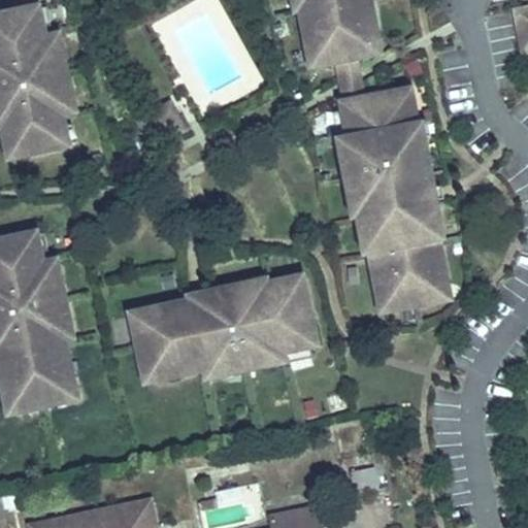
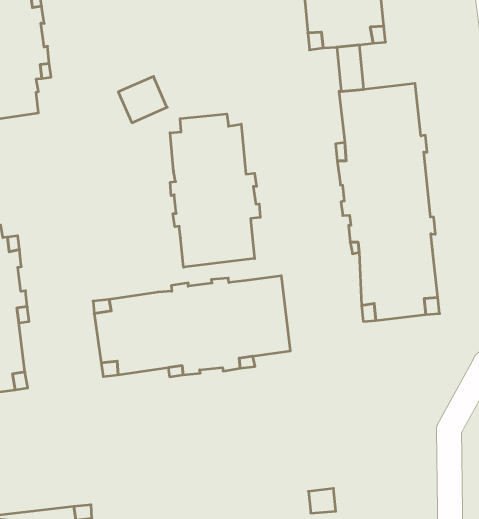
building: none -> [170,114,260,267]

